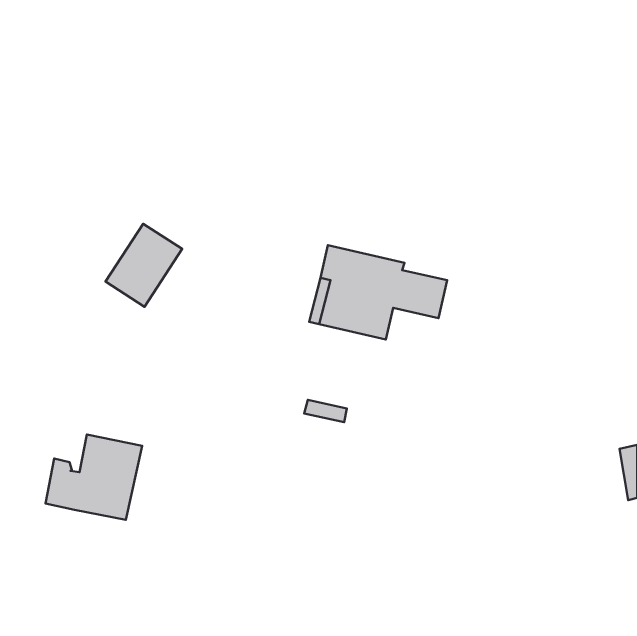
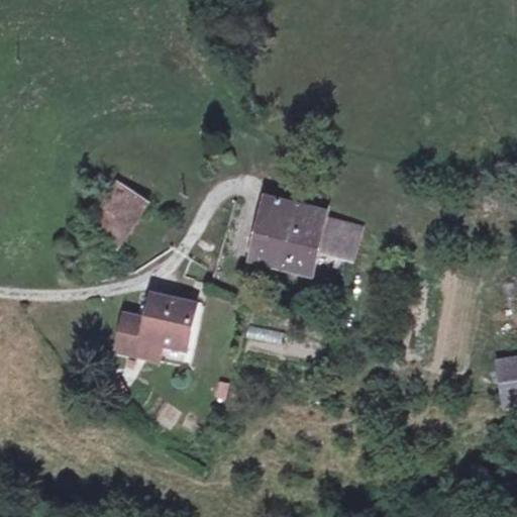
building: [45,434,142,520] -> [116,294,194,363]

